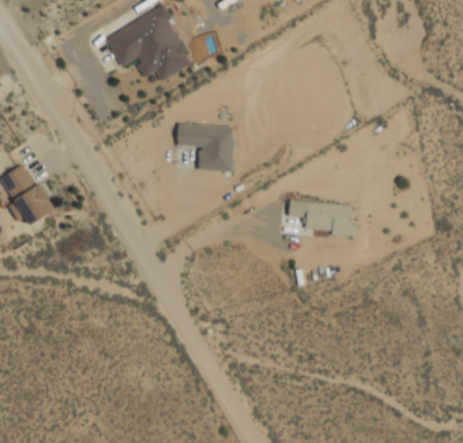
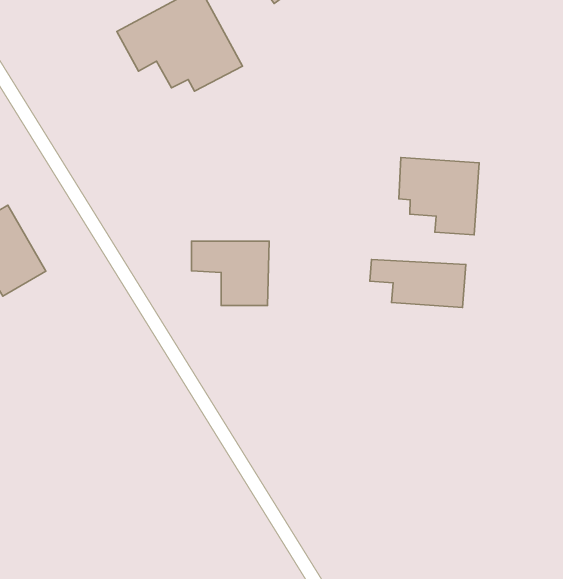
building: [177,124,233,171] -> [191,241,269,306]
building: none -> [399,157,479,235]

